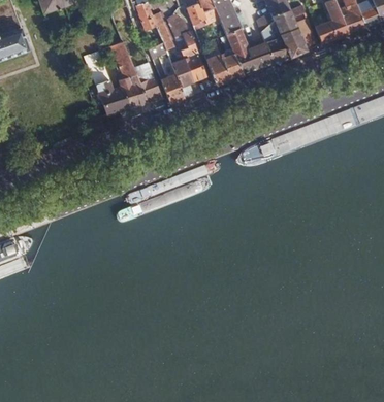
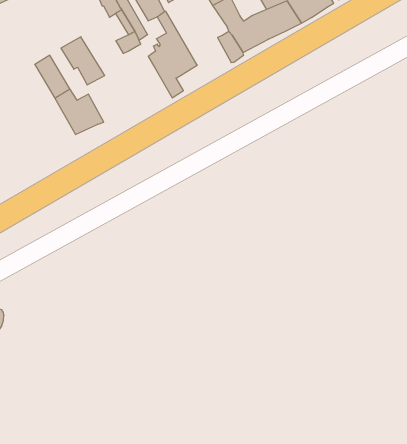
building: [206,55,233,87] -> none
building: [120,65,162,109] -> none
building: [161,75,185,104] -> none

